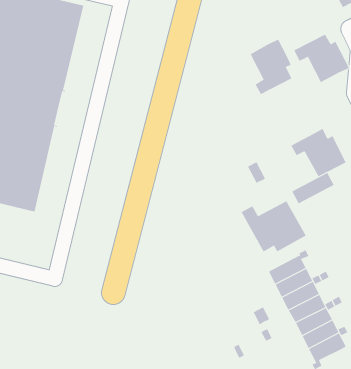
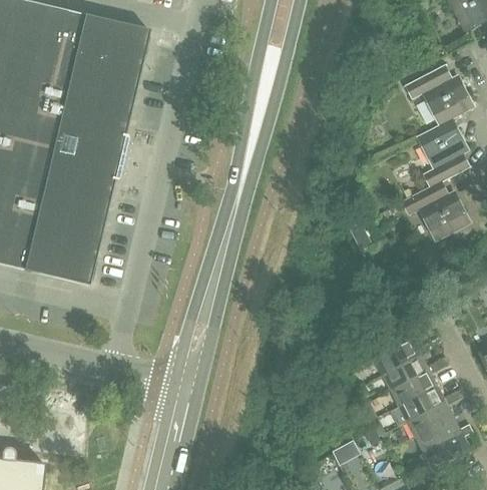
building: [250,39,292,95] -> [418,118,470,187]
building: [292,172,334,204] -> none
building: [241,201,306,252] -> none

